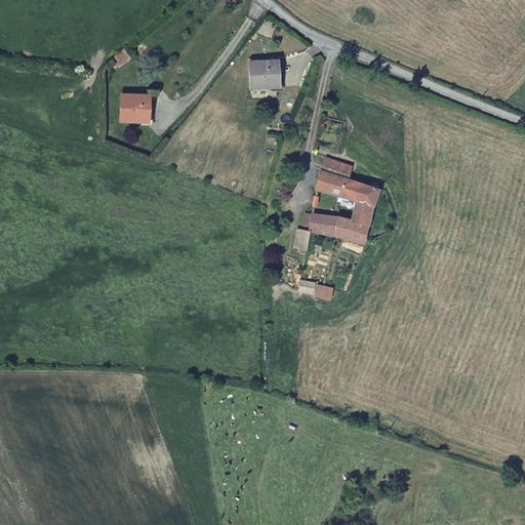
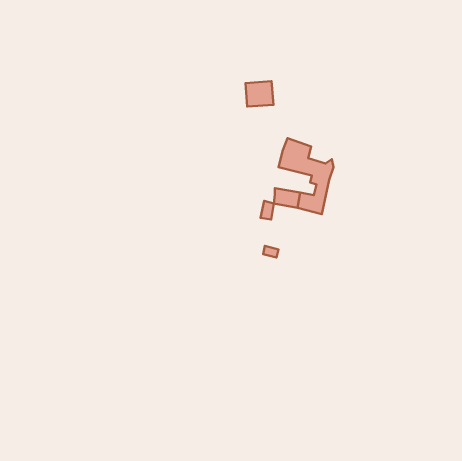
building: [248,59,280,88] -> [245,81,273,107]
building: [121,93,150,121] -> none

